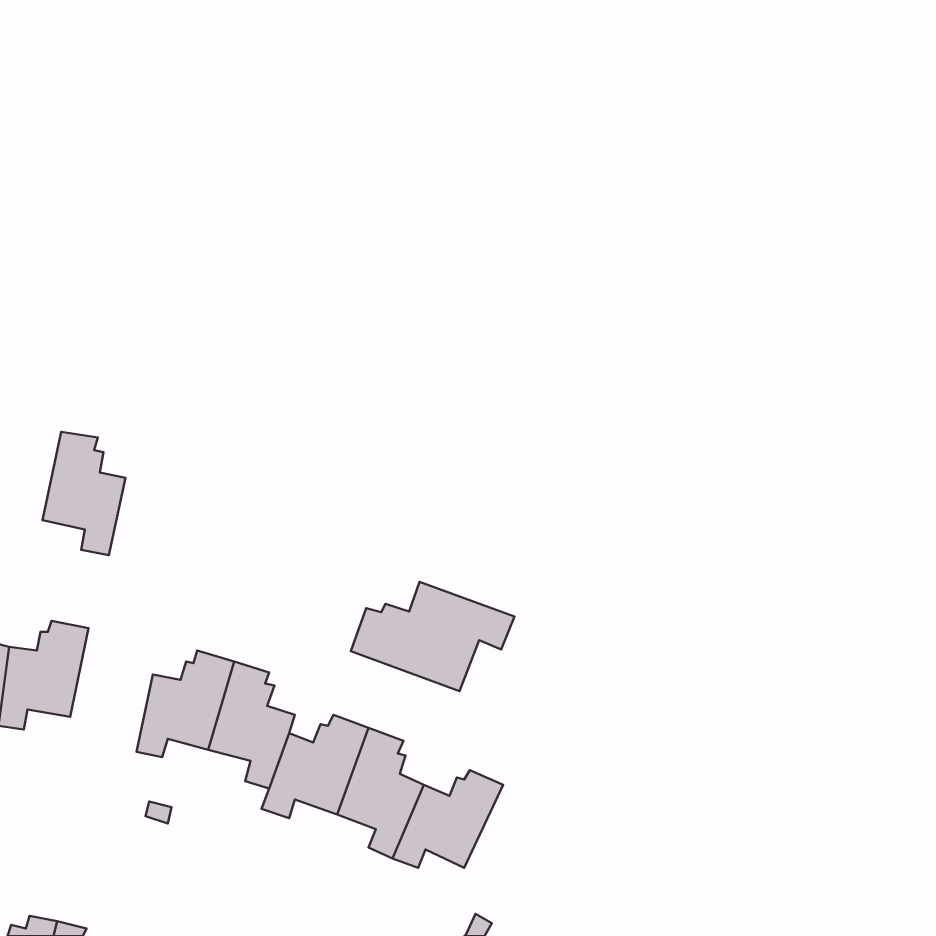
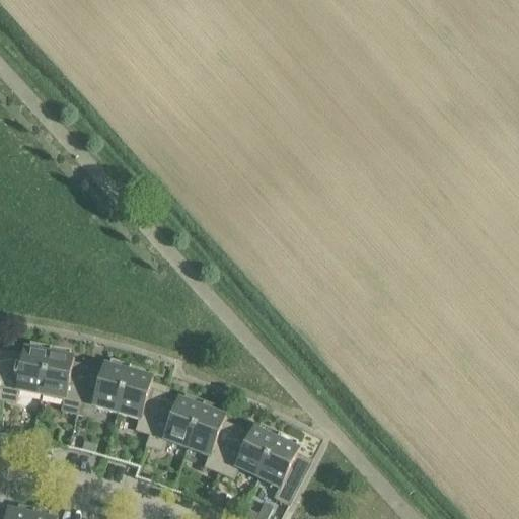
building: [43,432,126,555] -> [39,346,84,414]
building: [351,582,514,691] -> none
building: none -> [255,432,306,505]

